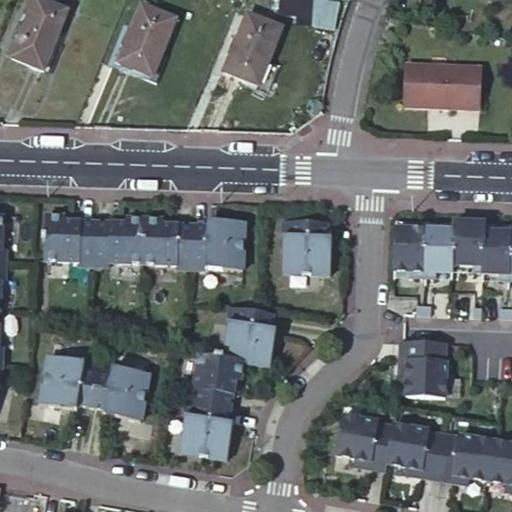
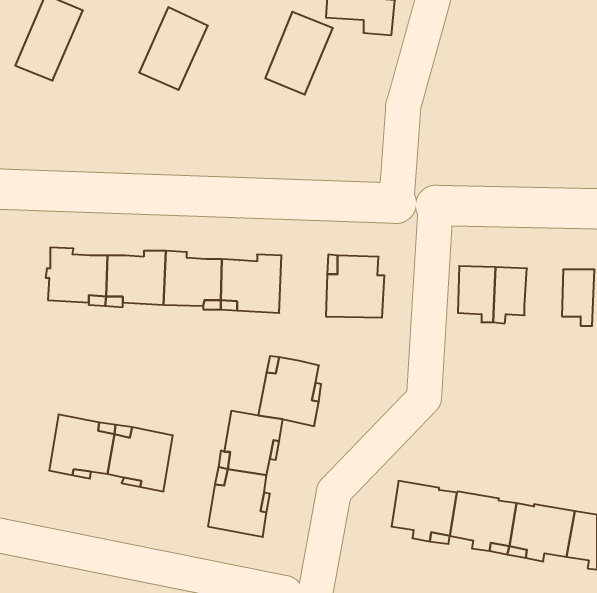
building: [404,68,479,112] -> none
building: [449,221,483,271] -> none
building: [397,340,444,394] -> none

